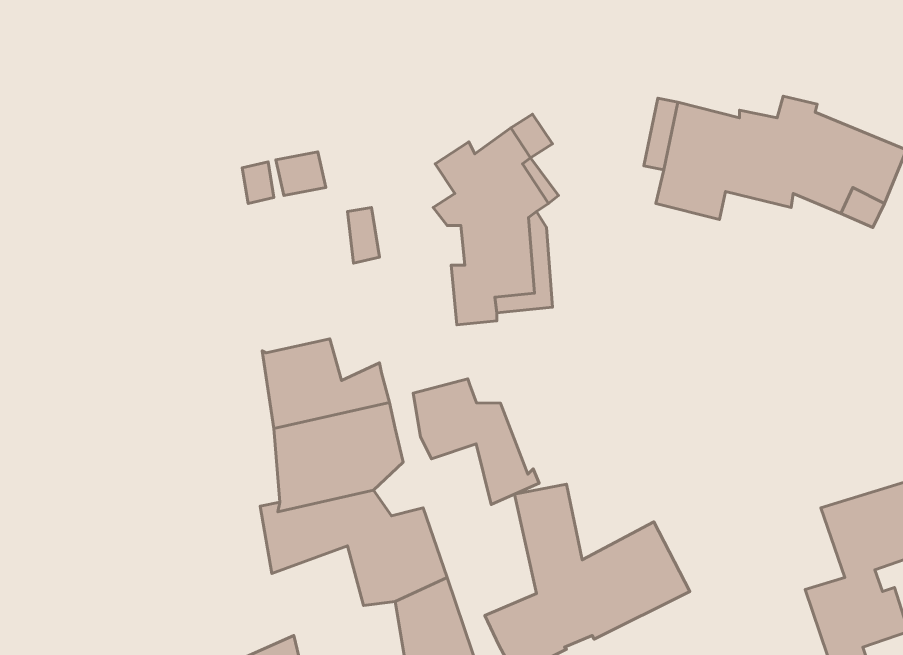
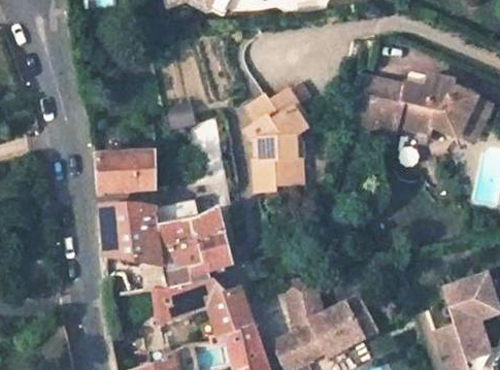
building: none -> [98,150,154,193]
building: none -> [100,204,166,284]
building: [413,379,539,504] -> none

